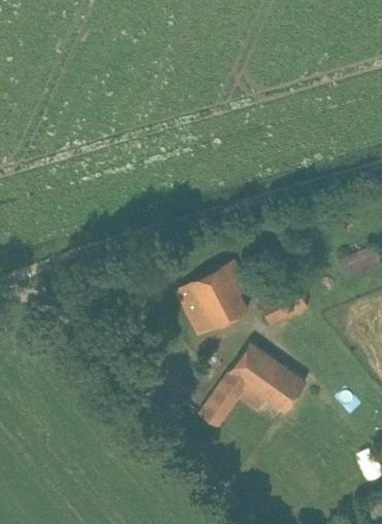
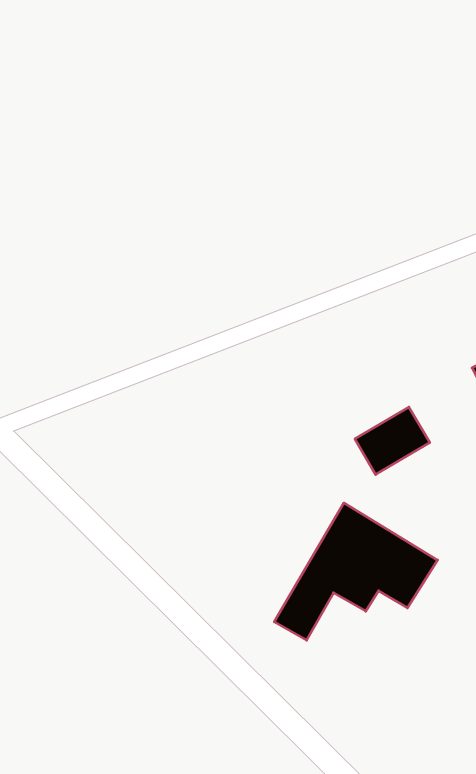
building: [175,261,249,337] -> none

